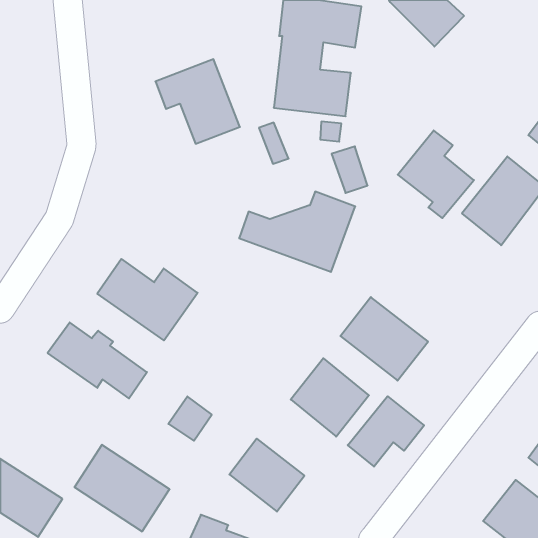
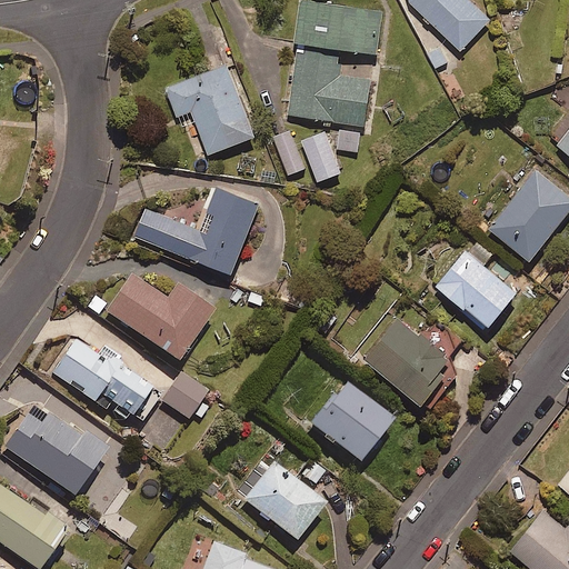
building: [398,130,474,218] -> [439,243,519,336]
building: [332,146,368,193] -> [302,131,340,180]
building: [239,192,355,272] -> [136,188,258,272]
building: [348,396,424,467] -> none
building: [168,396,212,441] -> [160,372,206,419]
building: [74,445,170,531] -> [7,402,107,493]

